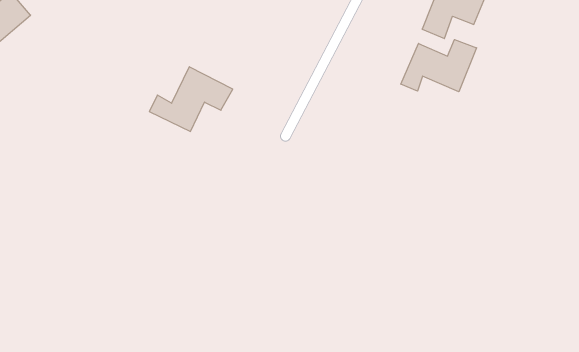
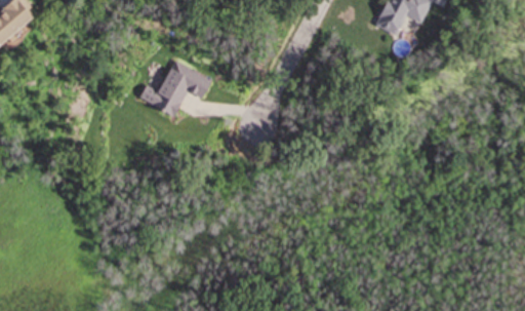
building: [401,40,477,92] -> none

